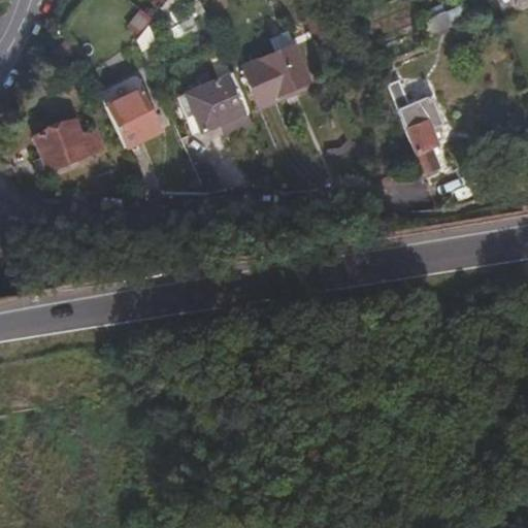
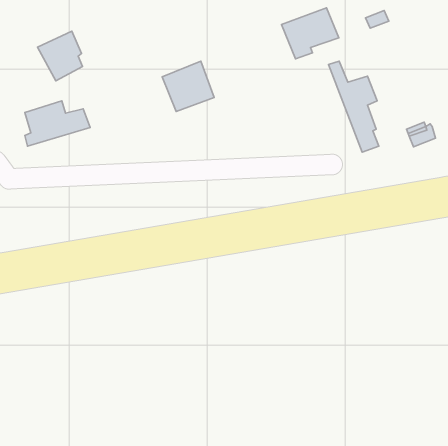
building: [248,47,315,107] -> [281,8,339,59]
building: [103,87,156,144] -> [37,31,83,81]

